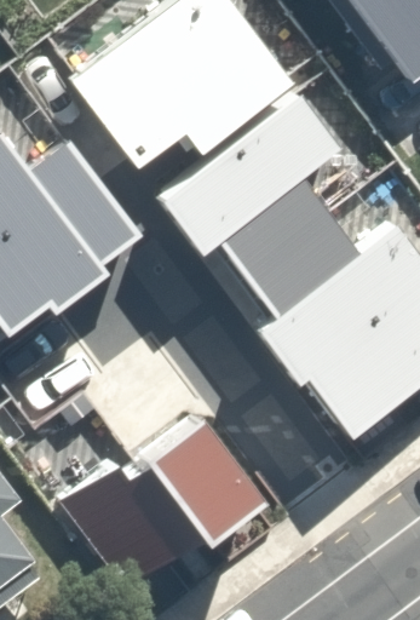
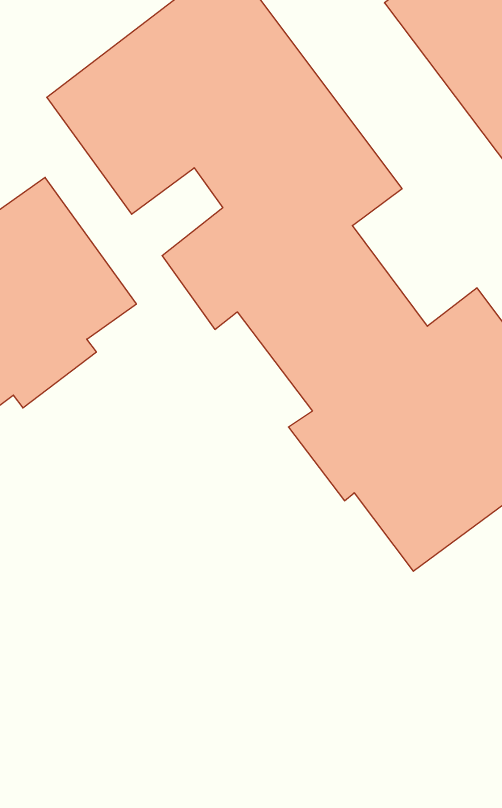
building: [61,413,263,590] -> none

